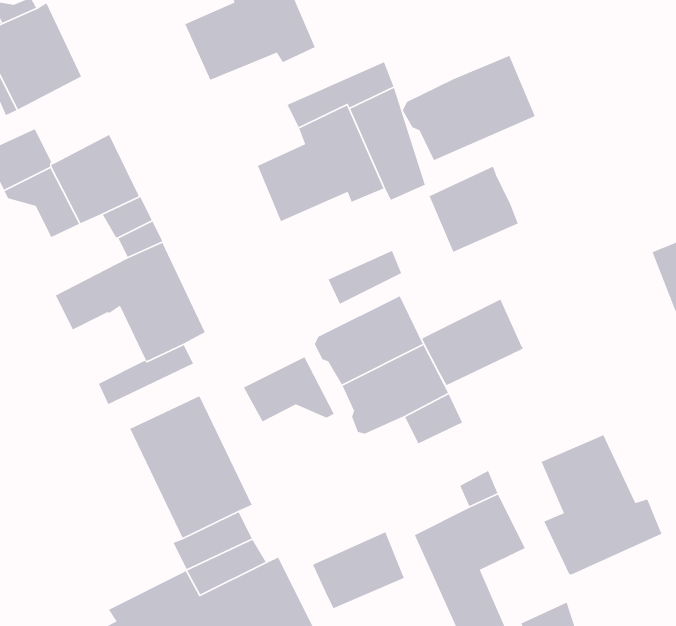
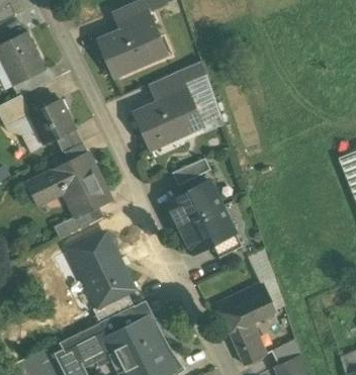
building: [402,55,536,161] -> none
building: [429,166,519,253] -> none
building: [421,298,524,386] -> none
building: [243,356,335,423] -> none
building: [540,434,662,575] -> none
building: [312,531,405,609] -> none

